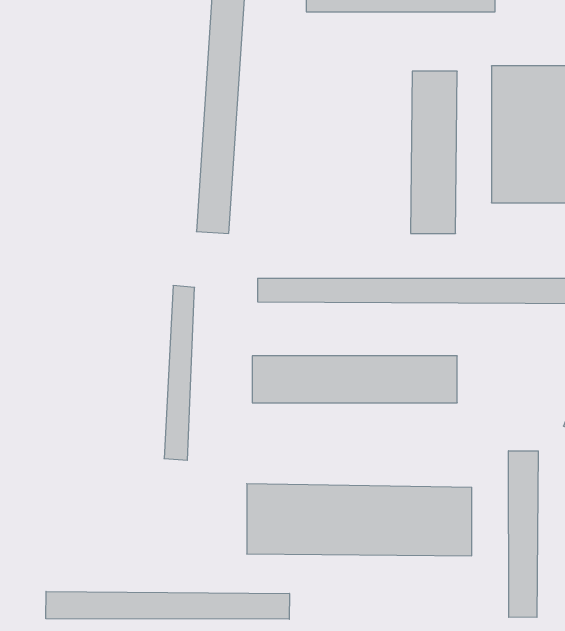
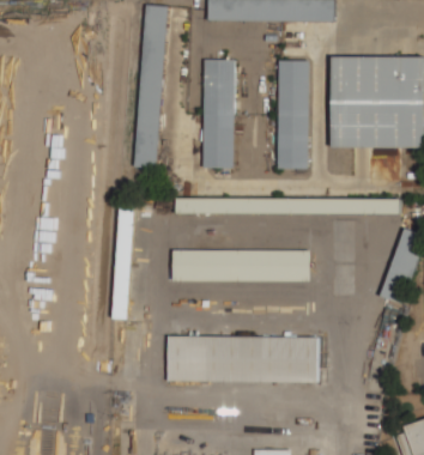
building: none -> [202,59,232,166]
building: [509,451,538,617] -> none
building: [46,591,289,619] -> none

